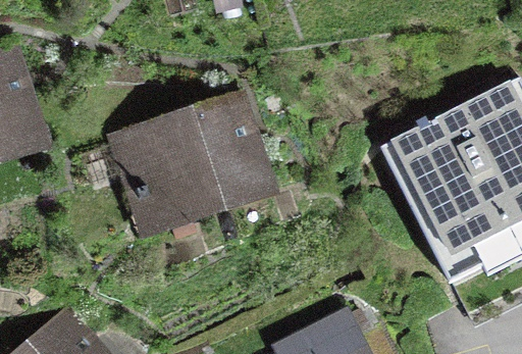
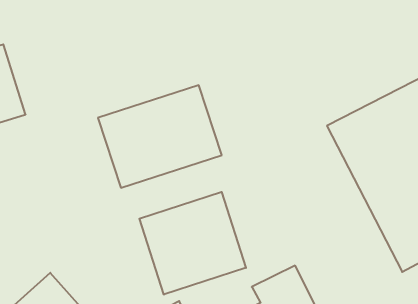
building: none -> [139,192,246,295]

